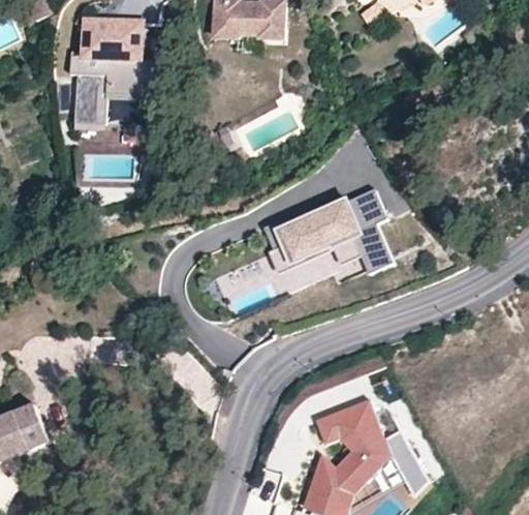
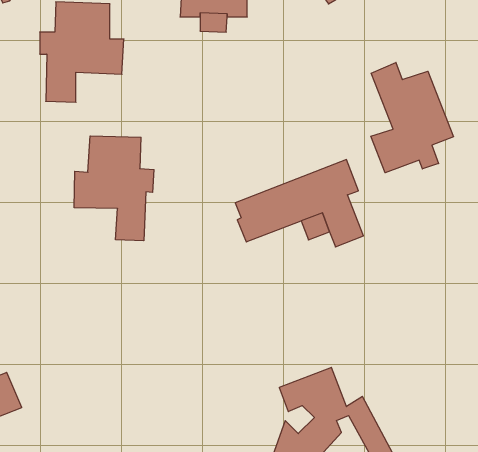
building: none -> [371,62,453,173]
building: none -> [74,136,154,241]

